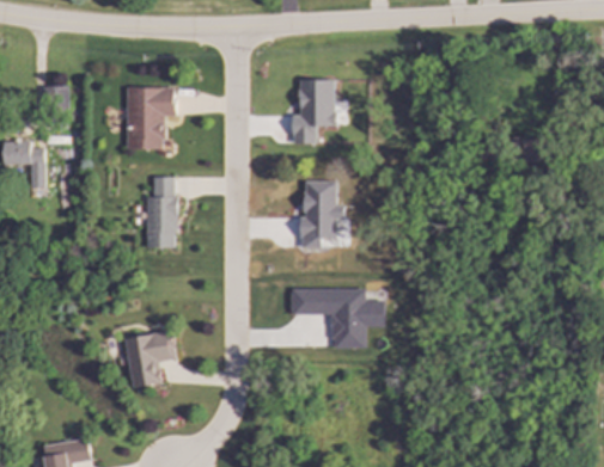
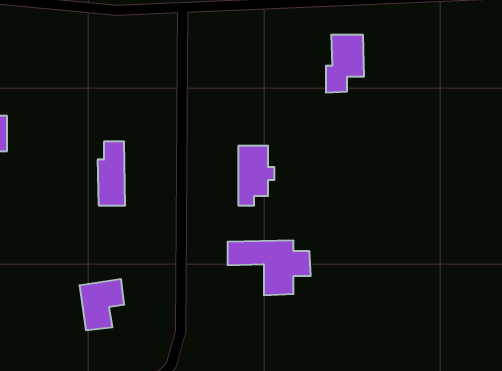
building: [292,80,335,145] -> [326,35,364,92]
building: [124,87,175,150] -> none

